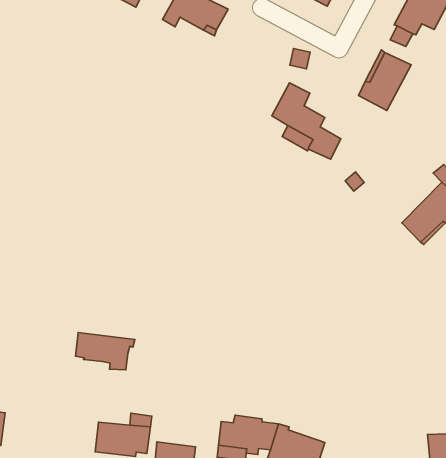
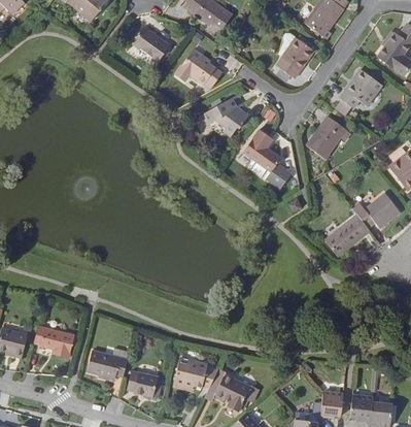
building: none -> [204,94,249,136]
building: [76,333,135,370] -> [35,326,78,357]

